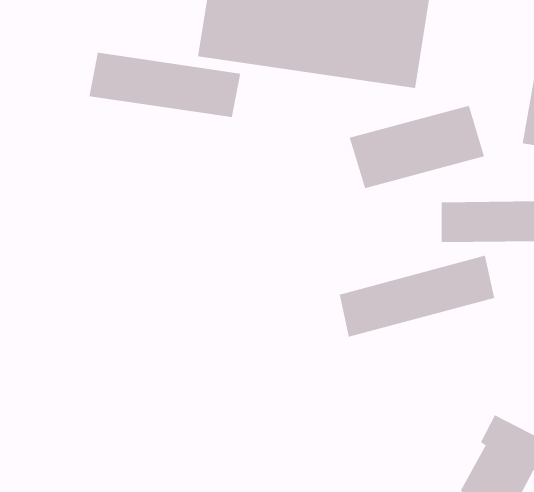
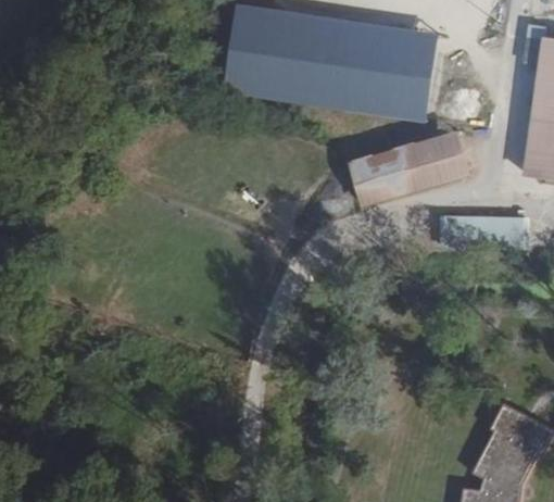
building: [89,52,241,118] -> none
building: [339,255,495,337] -> none

